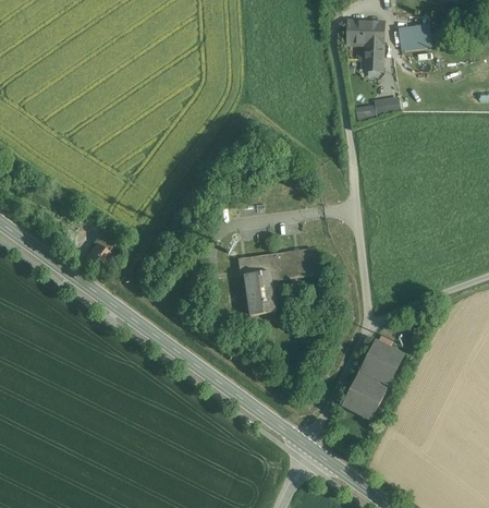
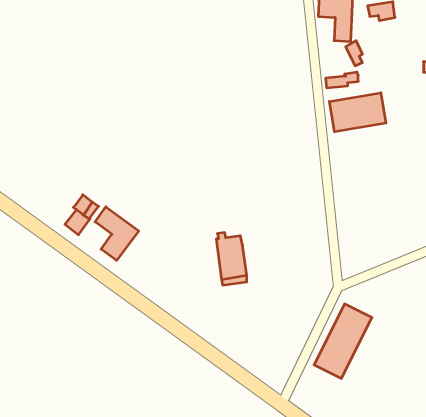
building: none -> [329,93,386,132]
building: none -> [95,207,139,260]
building: [249,247,316,279] -> none

